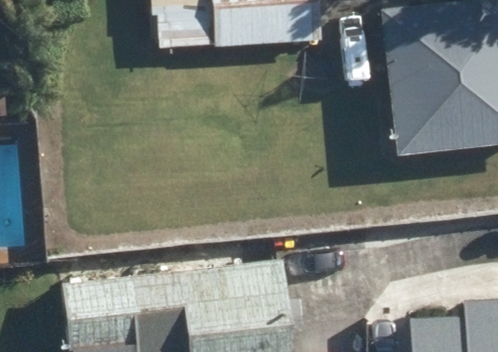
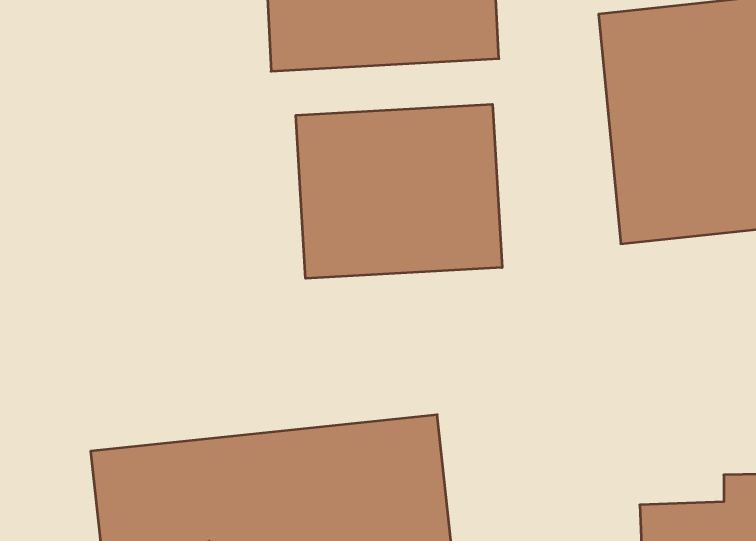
building: none -> [296,104,502,278]

